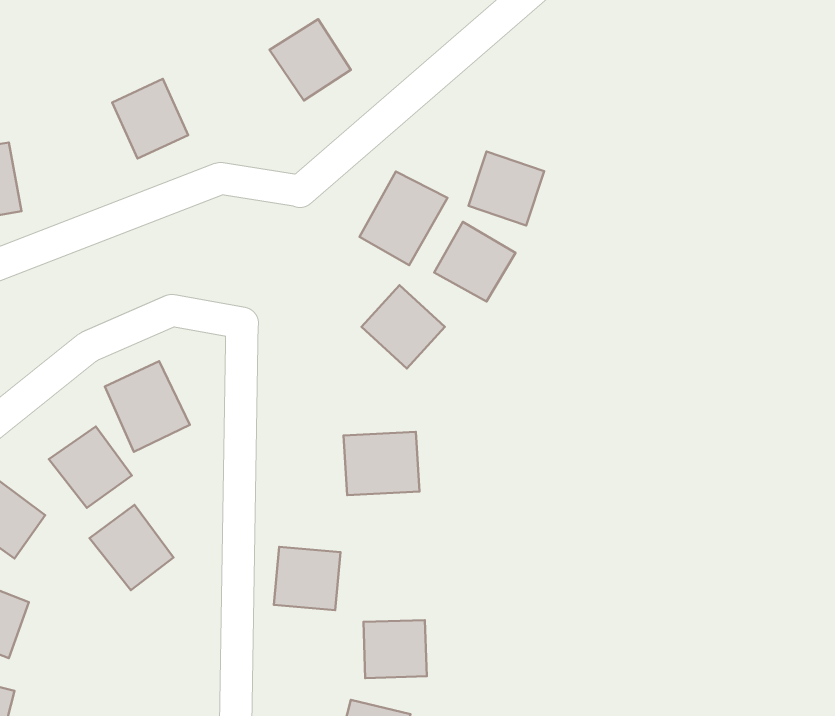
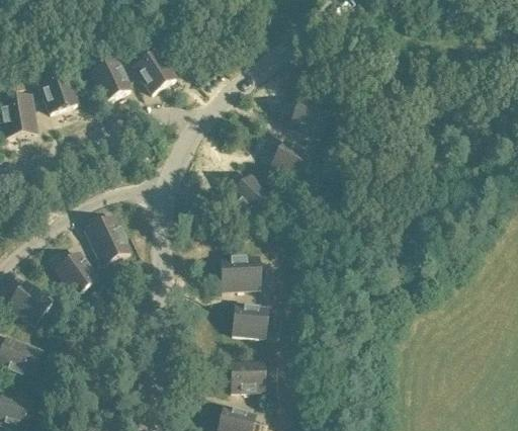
building: [269,19,351,101] -> [132,48,177,93]
building: none -> [37,70,78,112]
building: [359,172,448,265] -> none
building: [90,505,174,590] -> none
building: [274,547,341,610] -> [231,303,268,338]

